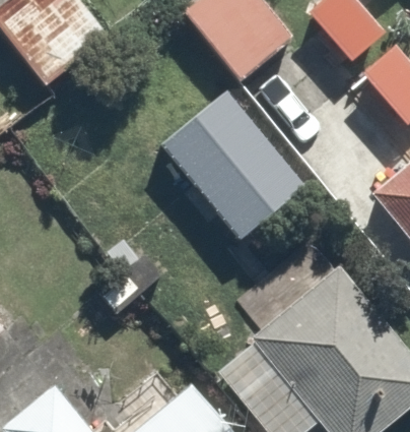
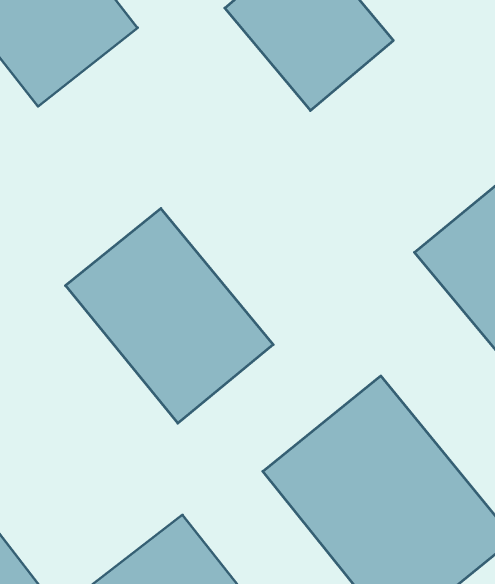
building: [166,84,317,240] -> [65,208,273,423]

